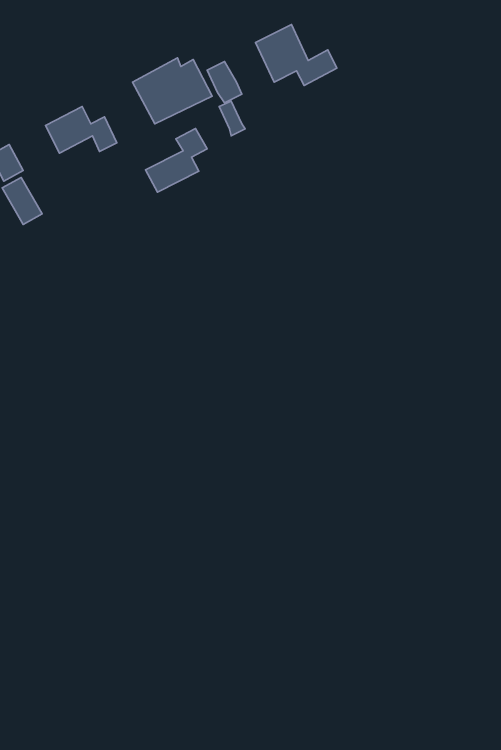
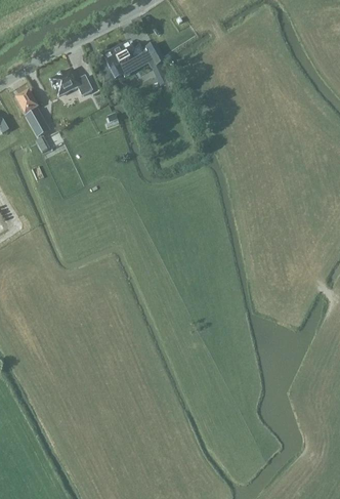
building: [255,25,337,86] -> none
building: [146,129,207,192] -> none

